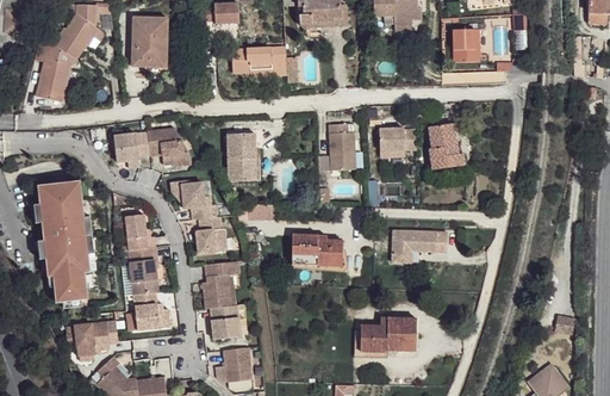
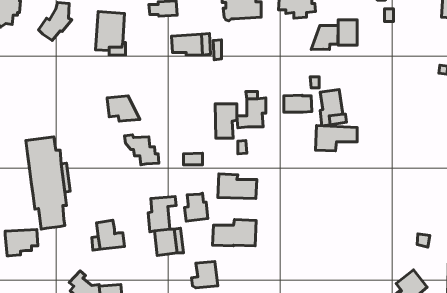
building: none -> [311,25,338,49]
building: [35,39,70,98] -> none
building: [113,132,149,162] -> none
building: [226,134,255,179] -> [215,104,237,138]
building: [123,215,152,250] -> none
building: [194,216,225,253] -> [184,193,208,221]
building: [391,229,446,262] -> [316,126,357,151]
building: [129,260,157,295] -> none
building: [359,316,416,351] -> [213,220,256,246]
building: [71,322,114,357] -> [5,230,38,256]
building: [216,346,250,380] -> [191,261,218,288]

